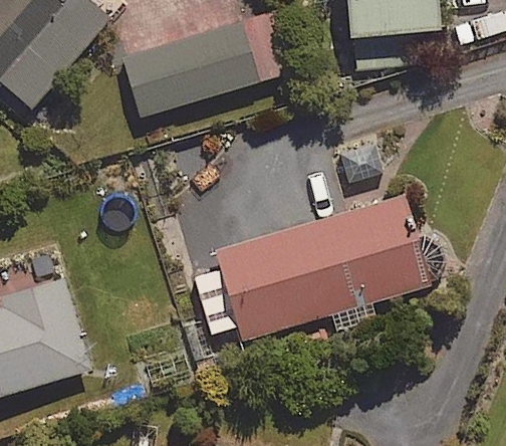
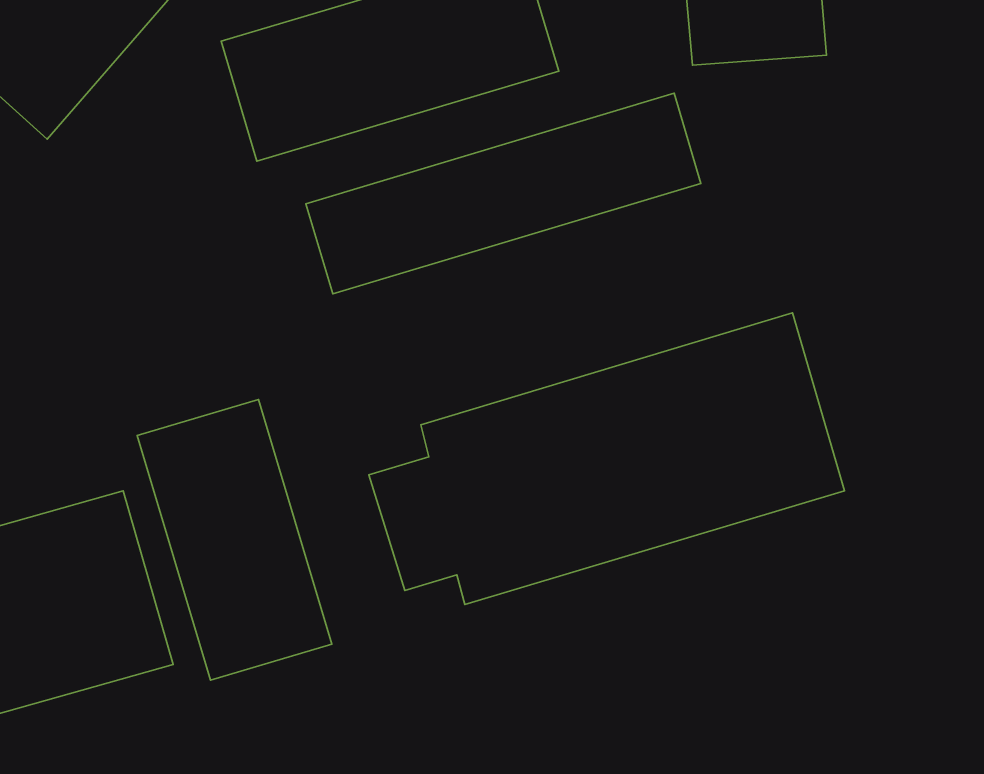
building: none -> [306,93,701,294]
building: none -> [137,399,332,680]

